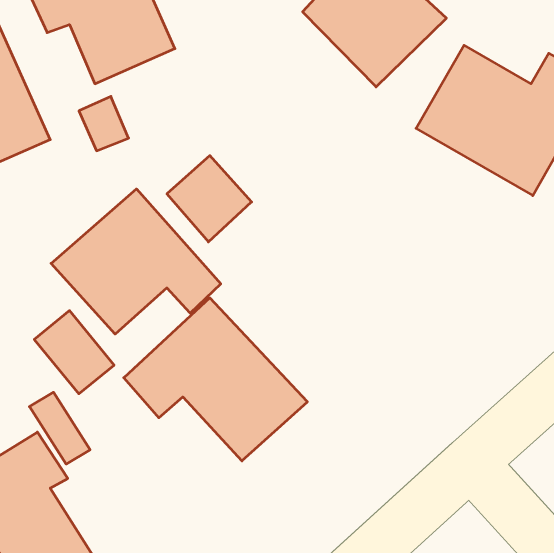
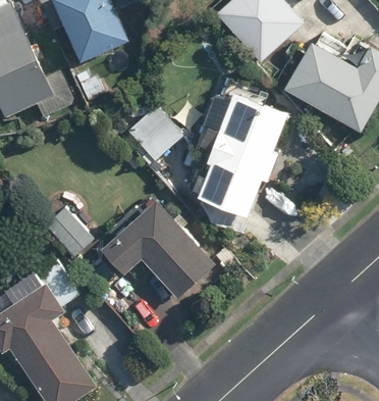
building: none -> [195,90,292,217]
building: [51,189,221,334] -> none

